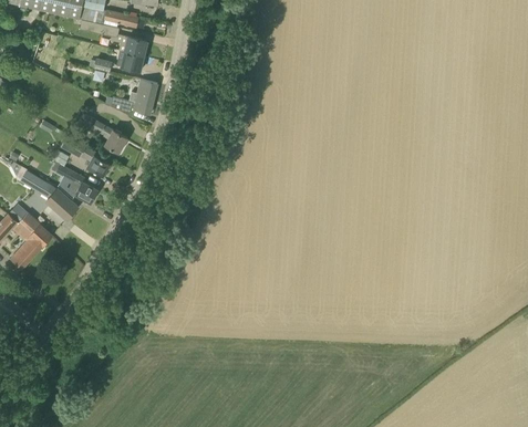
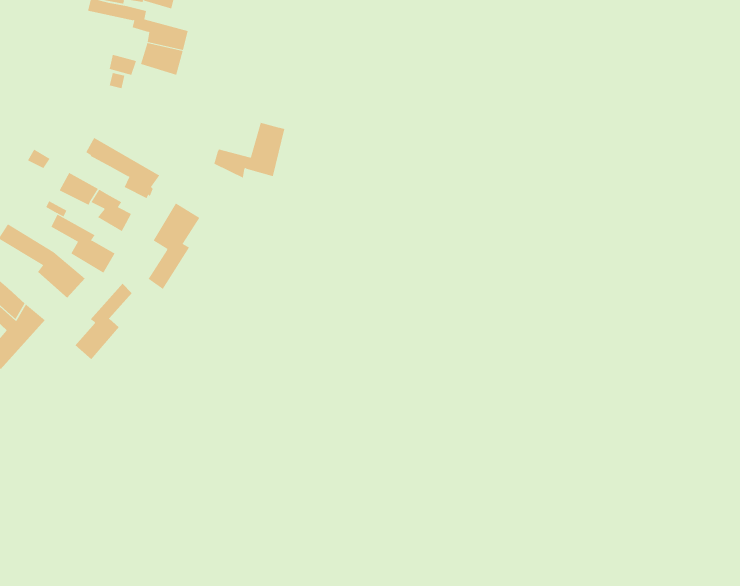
building: [110,77,157,115] -> [214,122,285,179]
building: none -> [148,202,200,290]
building: none -> [74,283,133,360]

